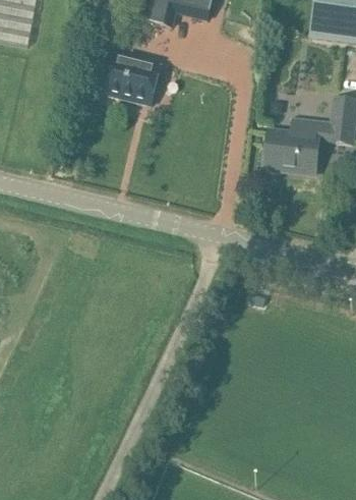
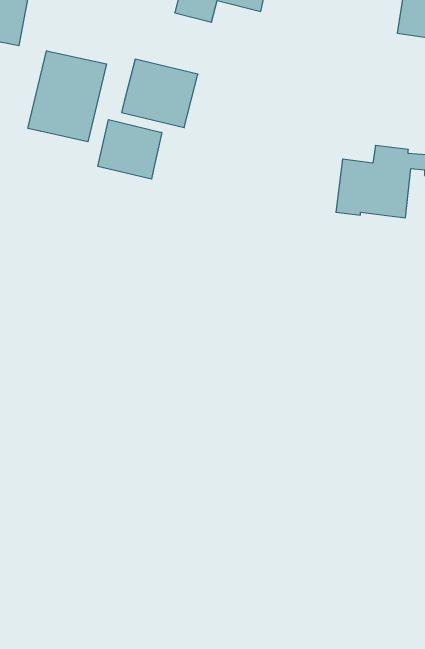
building: none -> [28,51,107,142]
building: none -> [98,120,162,179]

